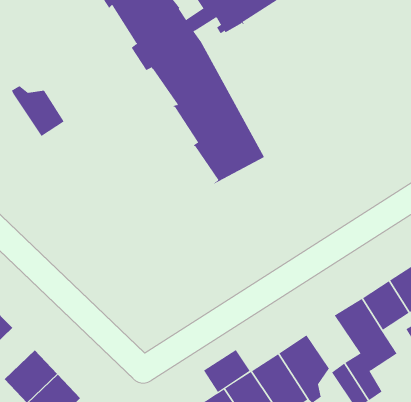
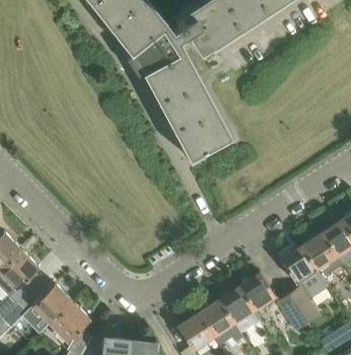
building: [11,85,65,137] -> none
building: [203,349,251,393] -> none

